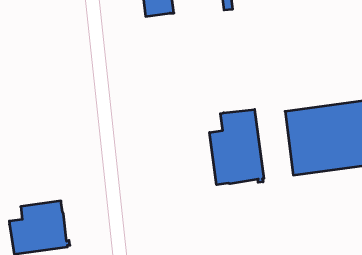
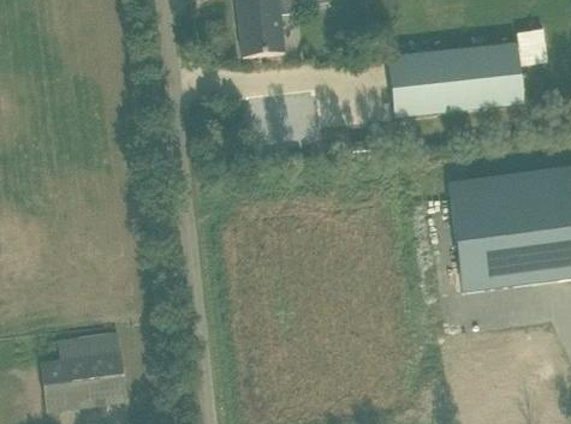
building: none -> [387,41,523,115]
building: [210,109,264,185] -> none

